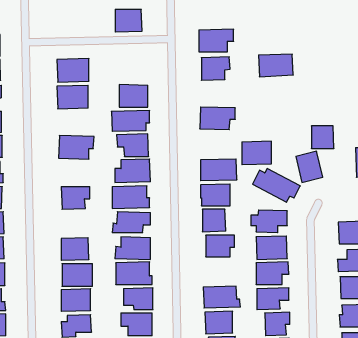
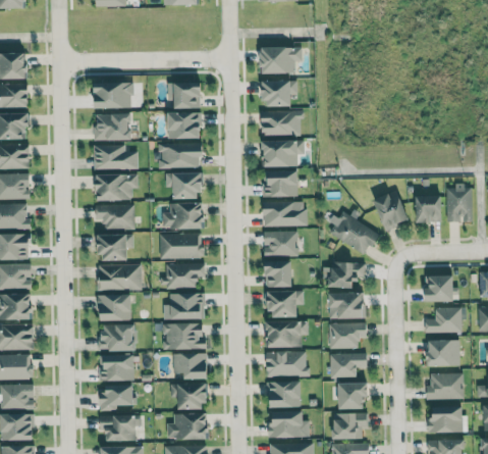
building: [115,9,142,32] -> [169,84,201,110]
building: [259,54,293,77] -> [261,111,302,138]
building: none -> [93,146,138,171]
building: [311,126,334,148] -> [416,195,442,221]
building: [242,141,271,165] -> [263,169,297,197]
building: none -> [95,204,133,230]
building: none -> [98,264,141,291]
building: none -> [266,320,308,347]

